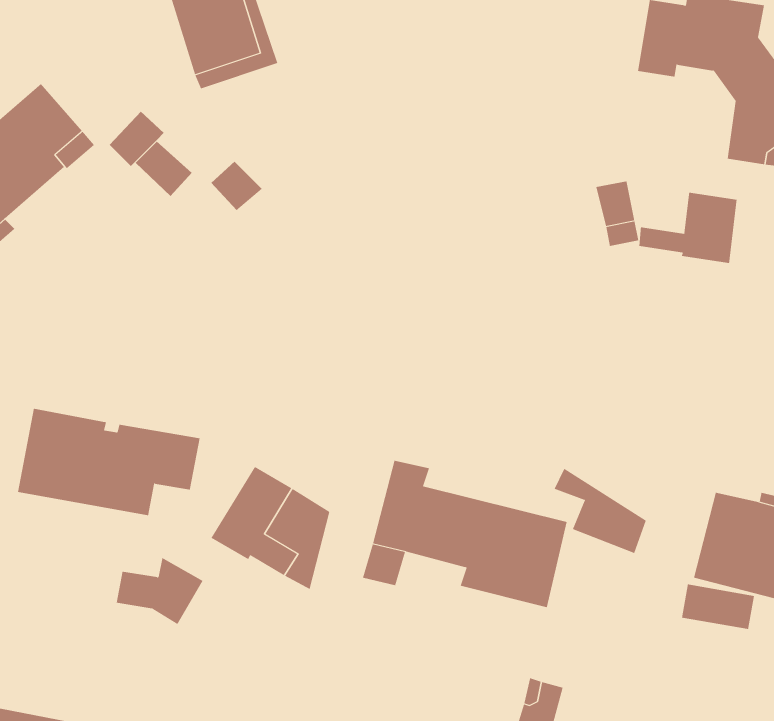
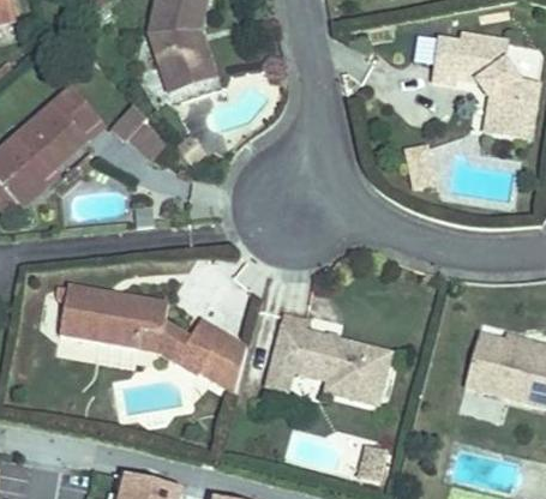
building: [639,192,737,264] -> none
building: [554,468,647,554] -> none
building: [116,557,204,625] -> [137,320,190,361]

